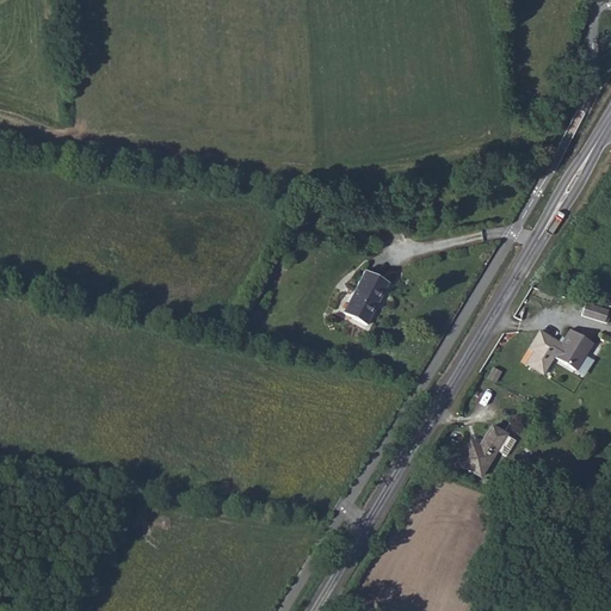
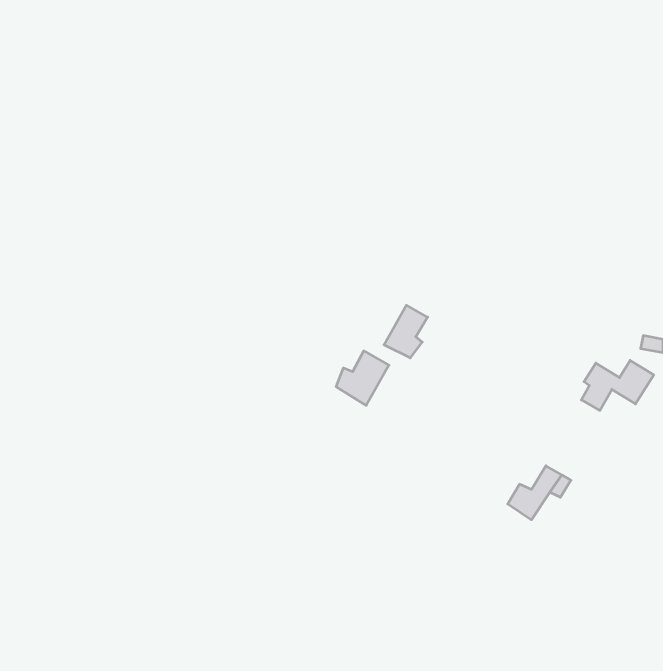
building: none -> [336,351,389,405]

